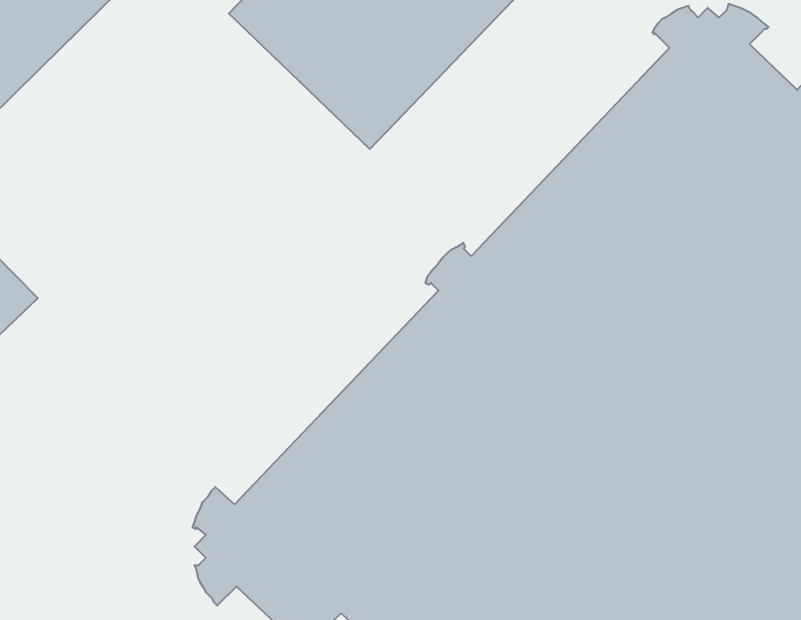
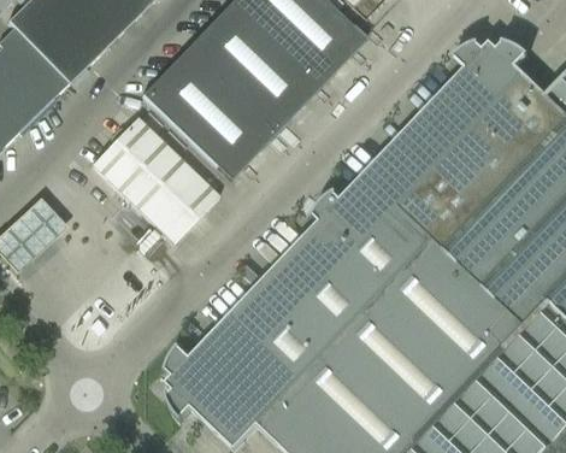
building: none -> [142,47,277,180]
building: none -> [92,117,219,243]

